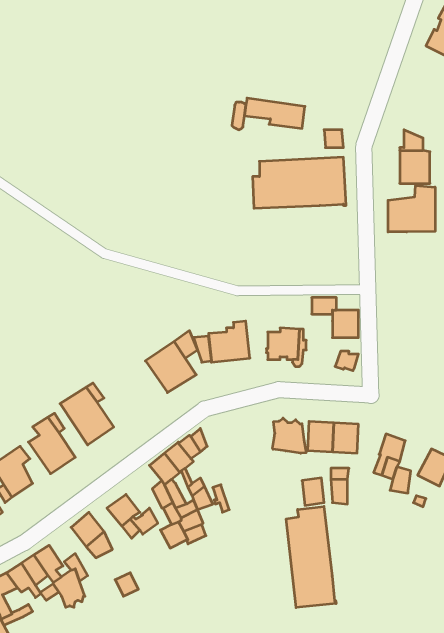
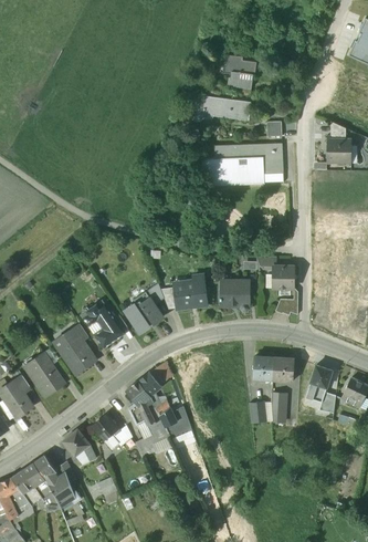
building: none -> [224,54,256,88]
building: [388,186,435,232] -> none
building: none -> [83,301,127,347]
building: [272,418,306,453] -> none
building: [286,506,336,608] -> none

